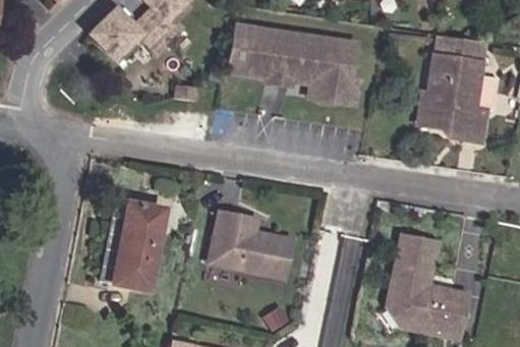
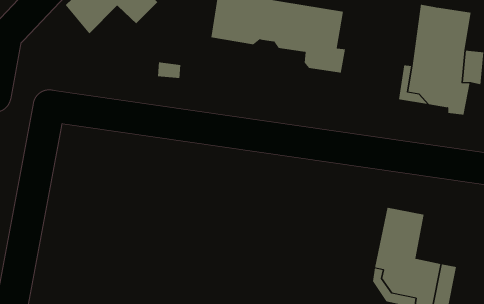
building: [105,198,171,294] -> none
building: [209,210,293,278] -> none

